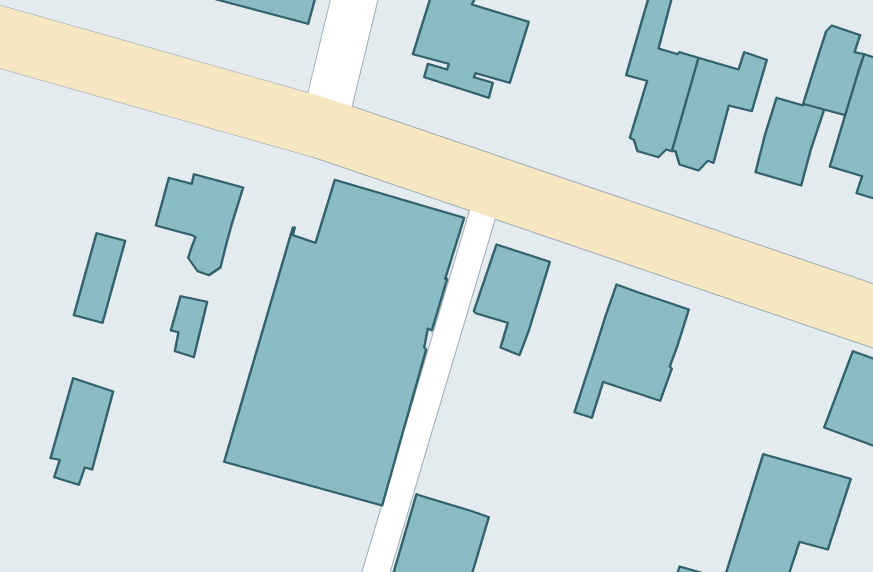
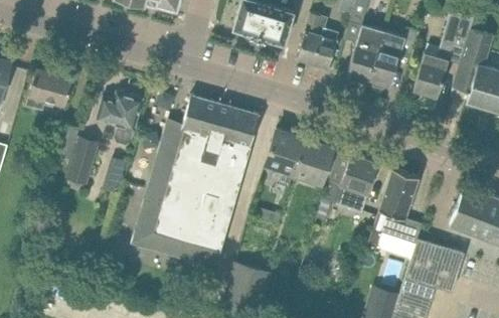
building: none -> [297,13,339,68]
building: none -> [26,70,72,111]
building: none -> [294,139,333,184]
building: none -> [369,169,422,250]
building: [50,378,113,485] -> [66,137,100,193]

